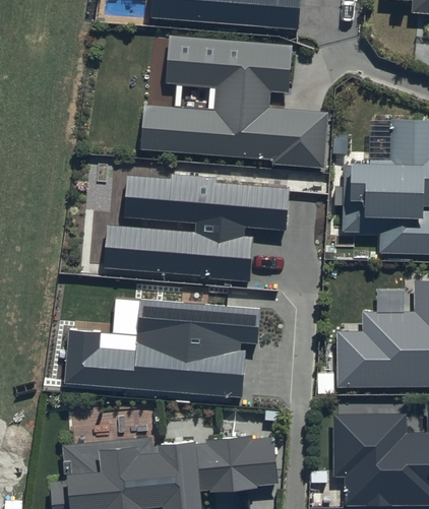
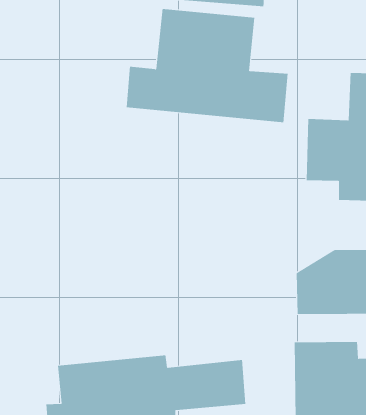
building: [105,177,289,277] -> none
building: [66,299,261,401] -> none

